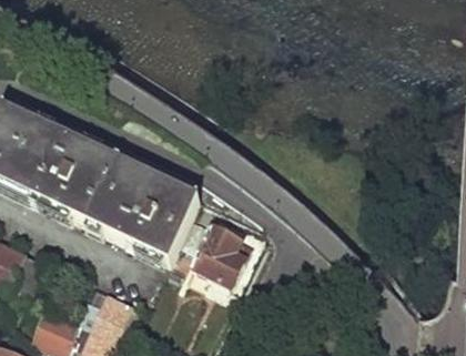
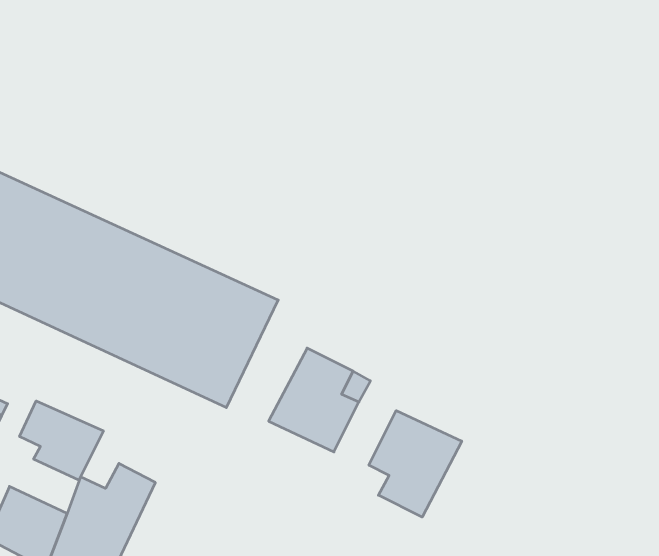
building: none -> [20,401,103,480]
building: none -> [369,411,462,517]

